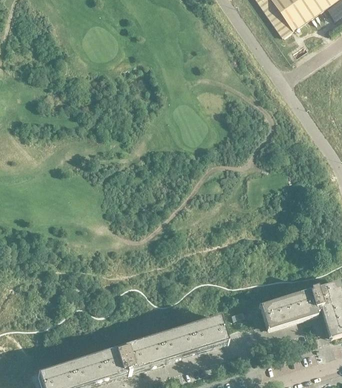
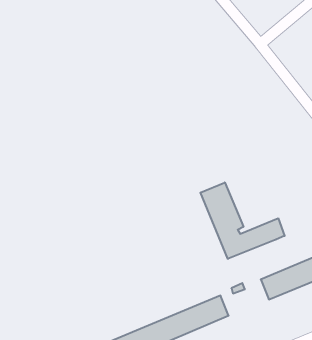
building: none -> [200,182,285,259]

